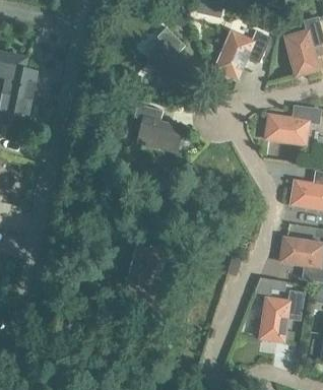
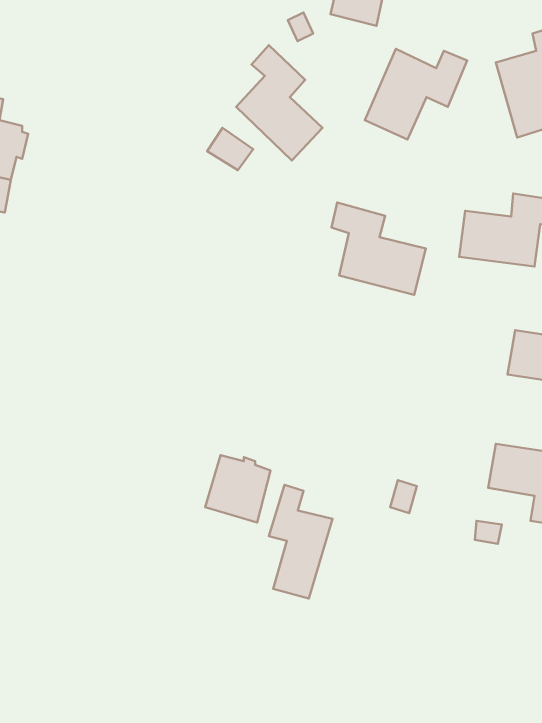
building: [133,103,183,151] -> [331,202,426,295]
building: none -> [269,485,332,599]
building: [260,290,304,340] -> none

